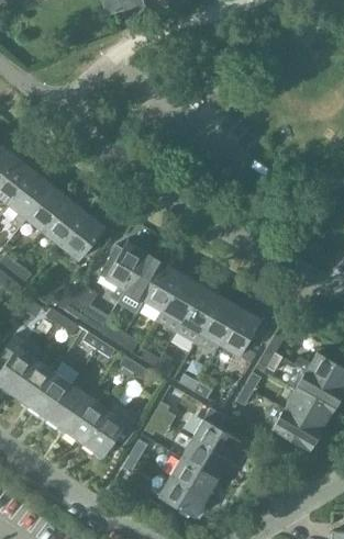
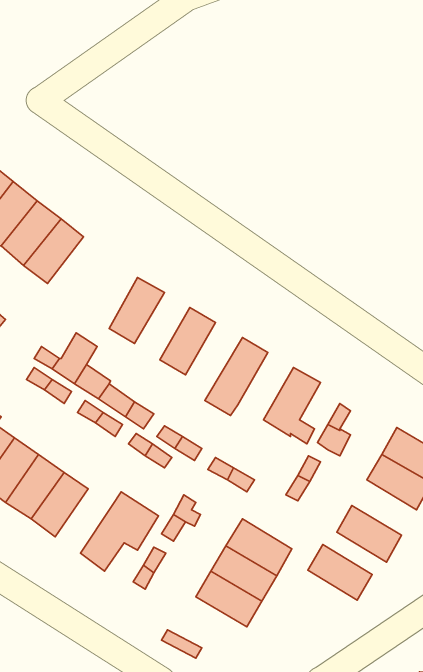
building: [60,213,104,261] -> none
building: [119,254,165,312] -> none
building: [157,276,203,333] -> none
building: [195,297,241,355] -> none
building: [284,391,331,431] -> [308,545,372,600]
building: [66,397,108,445] -> none
building: [158,476,207,518] -> none

